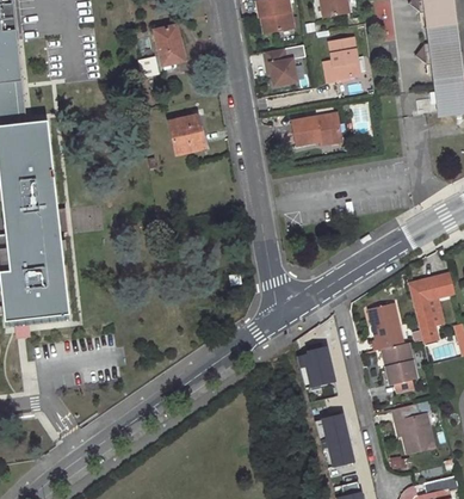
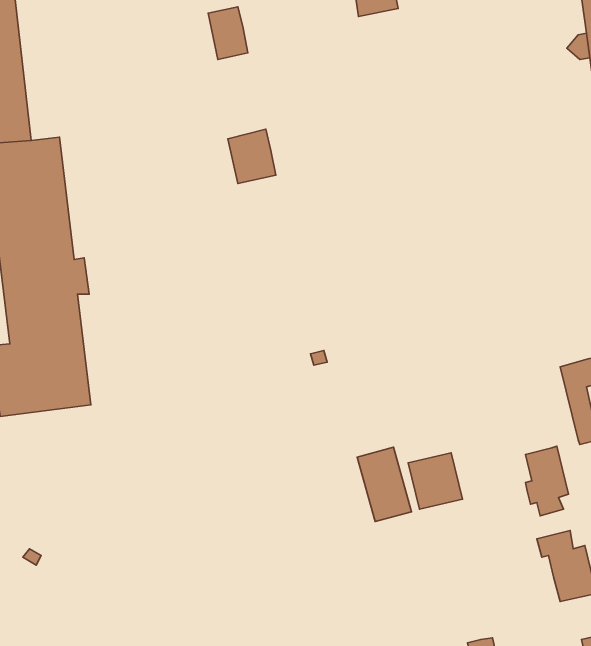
building: [322,38,358,84] -> none
building: [262,48,295,86] -> none
building: [290,113,340,147] -> none
building: [367,304,403,352] -> none
building: [317,414,357,468] -> [357,447,412,522]

